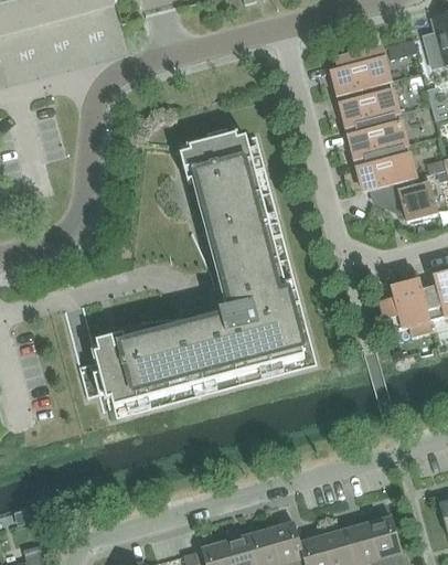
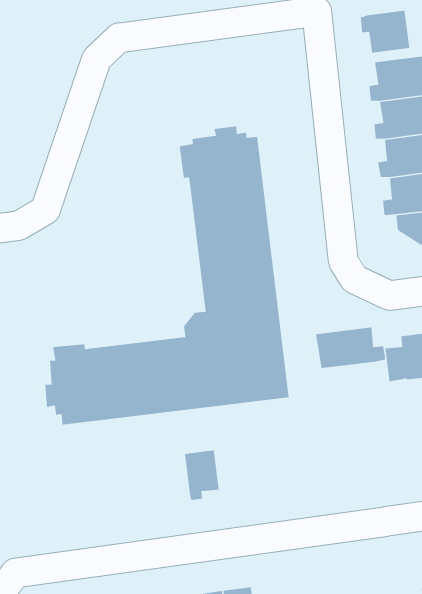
building: none -> [360,10,410,53]
building: none -> [315,327,386,369]
building: none -> [184,450,219,501]

